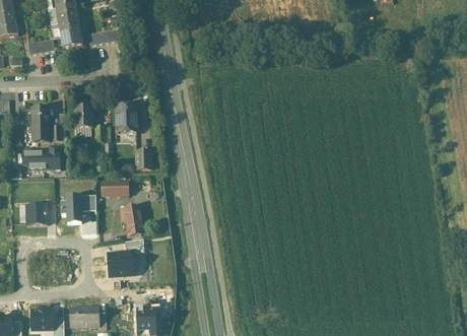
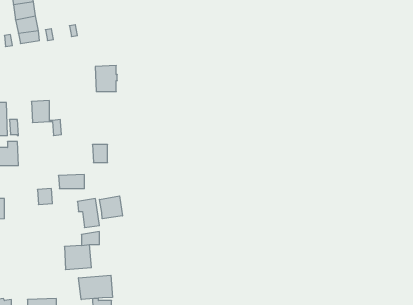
building: [116,105,138,131] -> [95,66,117,92]
building: [61,196,81,223] -> none
building: none -> [99,196,122,219]
building: none -> [79,275,112,300]

